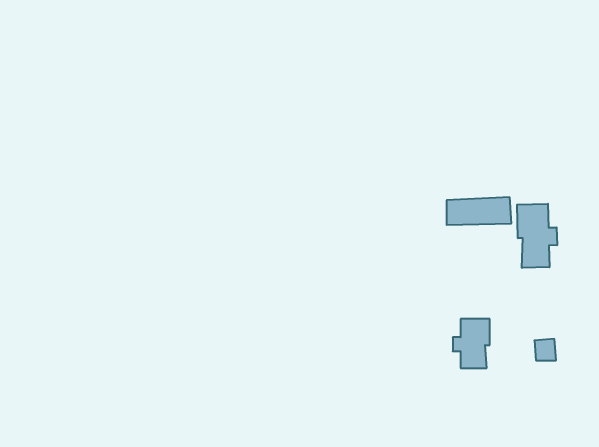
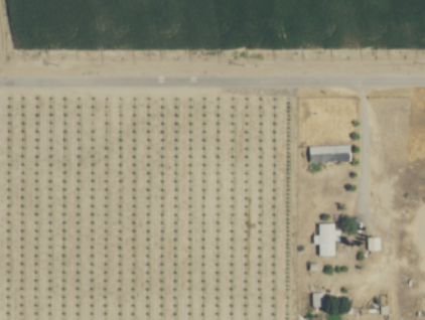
building: [517,204,557,268] -> none

